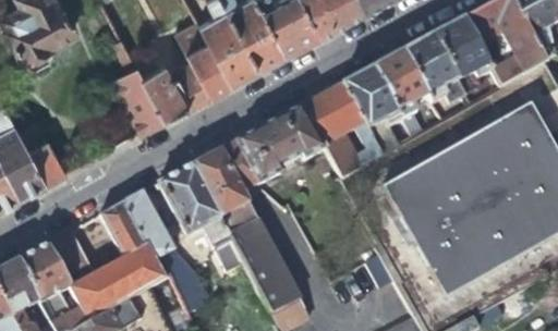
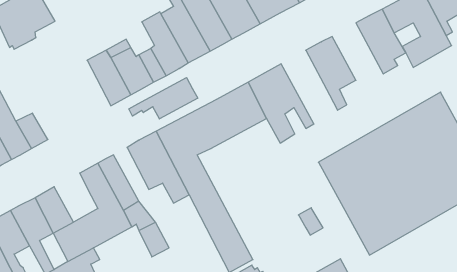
building: [404,32,465,100] -> none
building: [343,64,401,152] -> none
building: none -> [129,78,198,119]

